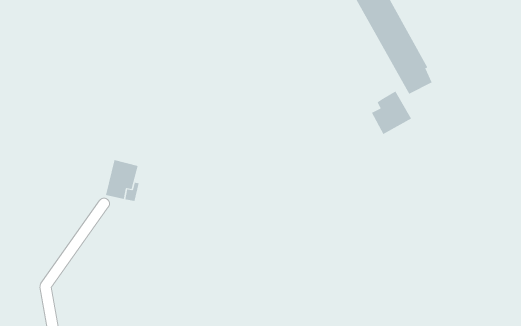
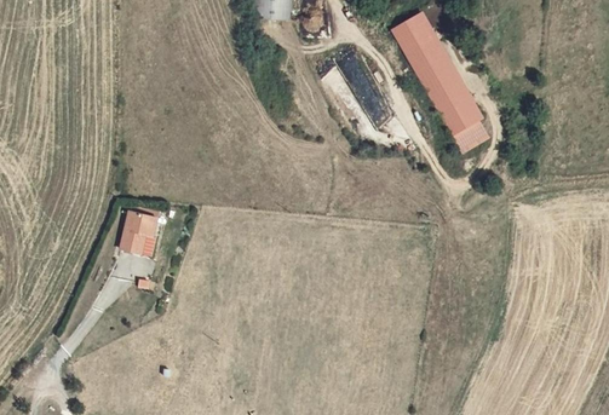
building: [371,90,412,135] -> none

